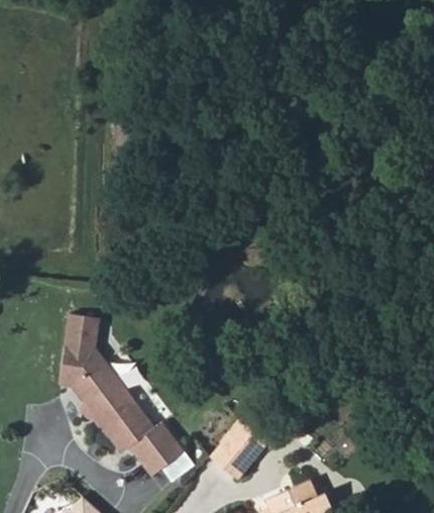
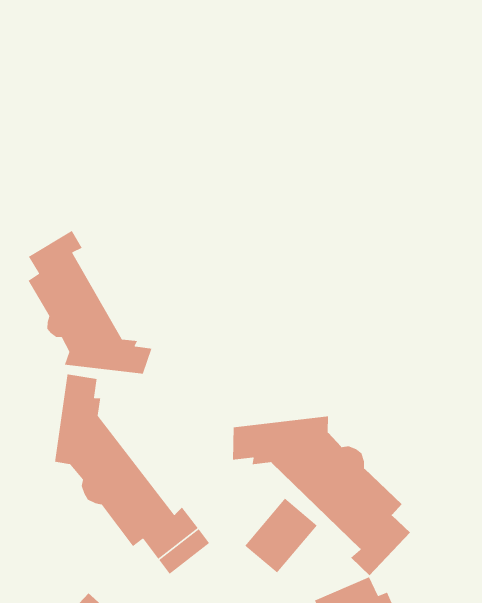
building: none -> [27,230,152,375]
building: none -> [232,415,411,576]

